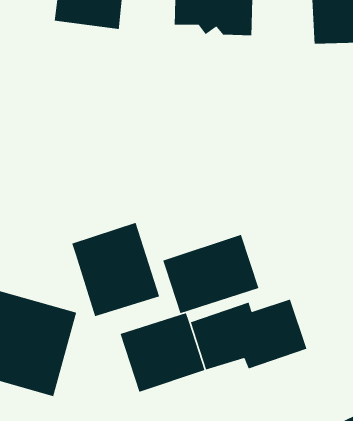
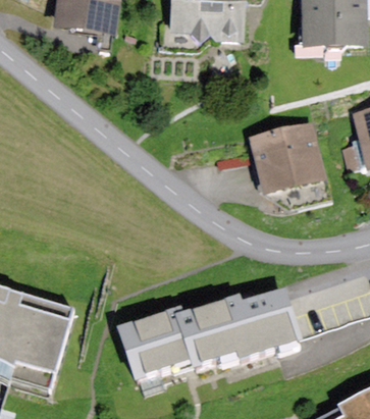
building: none -> [249,122,324,194]
building: [71,222,160,317] -> none
building: [162,234,260,314] -> none

